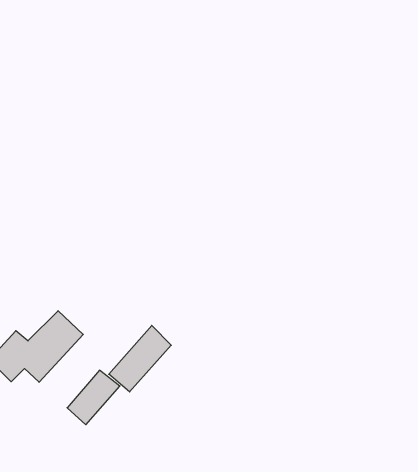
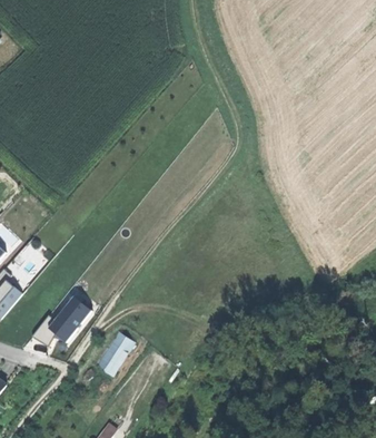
building: [109,325,171,392] -> none

